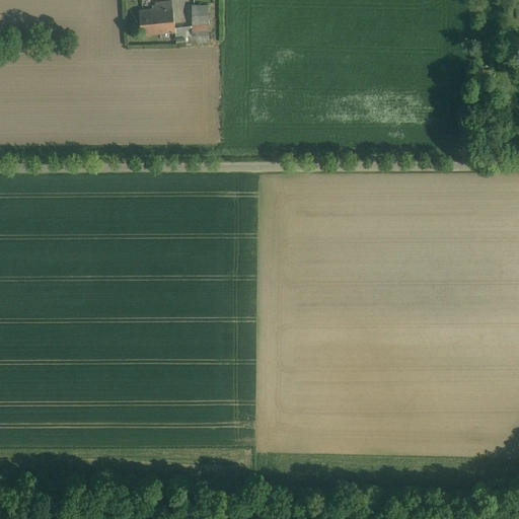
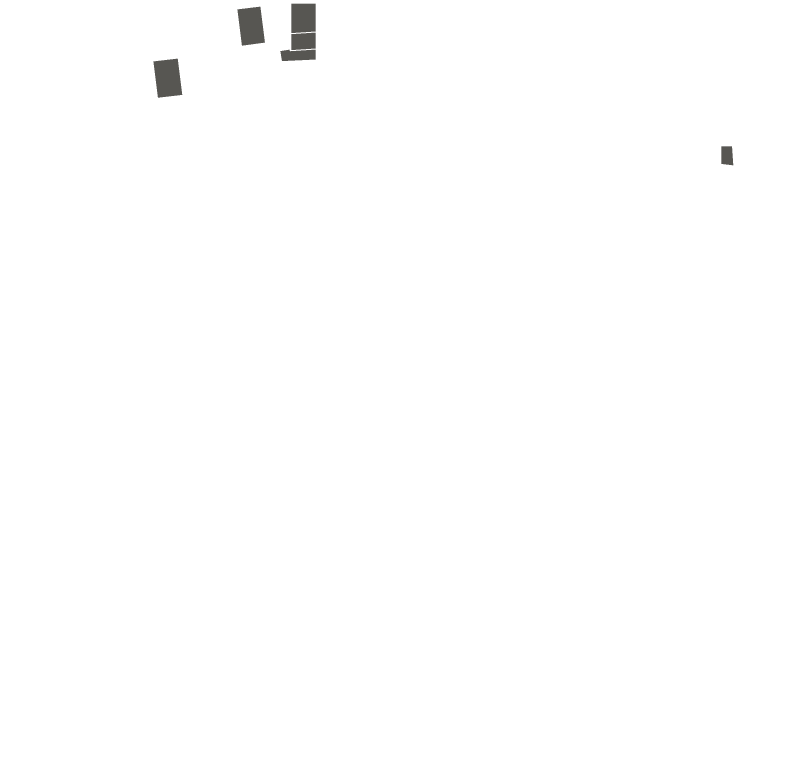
building: [139,6,159,32] -> [152,58,183,98]

